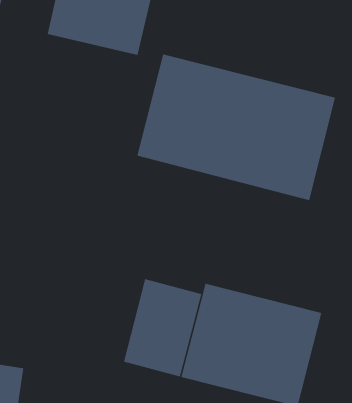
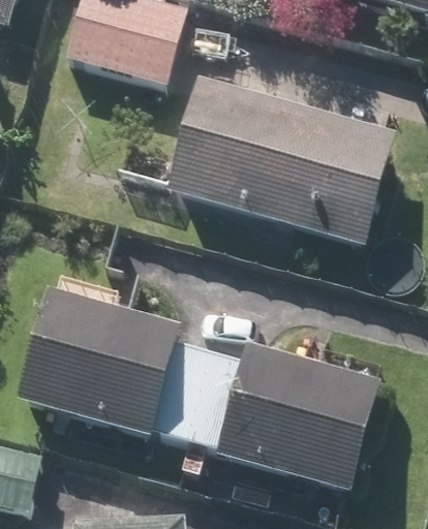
building: none -> [20,294,178,435]

